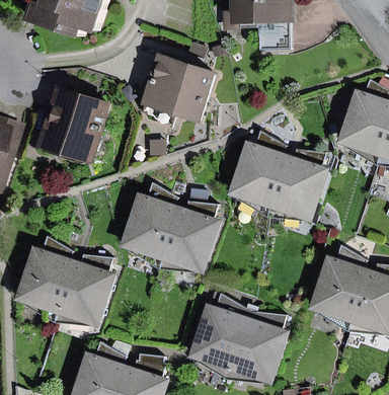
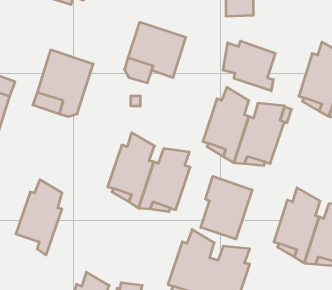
building: none -> [223,41,275,91]
building: none -> [201,176,252,239]
building: [54,254,112,323] -> none

